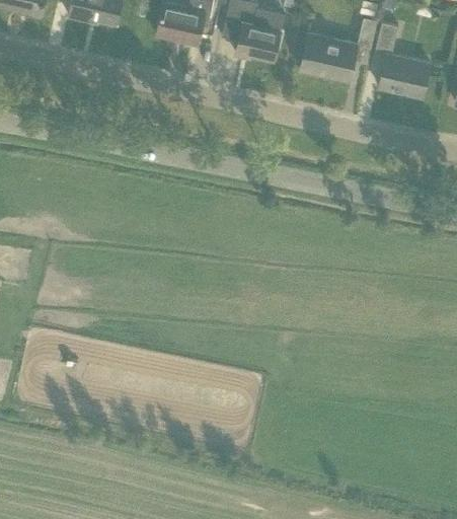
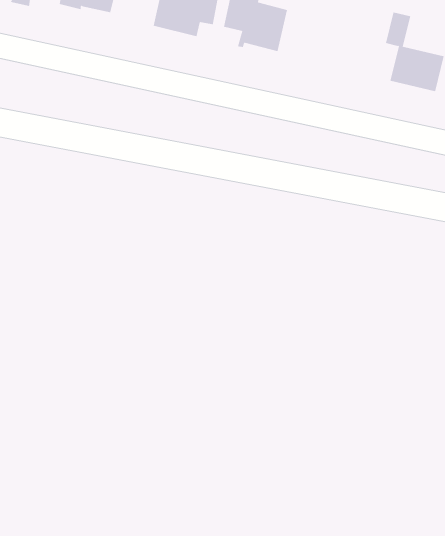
building: [300,17,378,80] -> none

